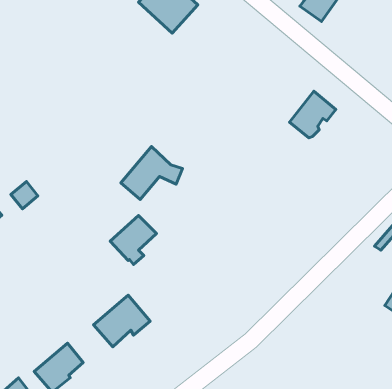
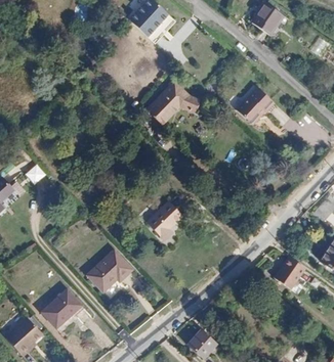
building: [121,147,183,200] -> [147,85,196,127]
building: [110,215,157,265] -> [144,201,181,240]
building: none -> [275,258,306,290]

